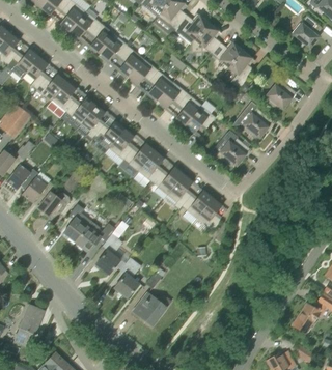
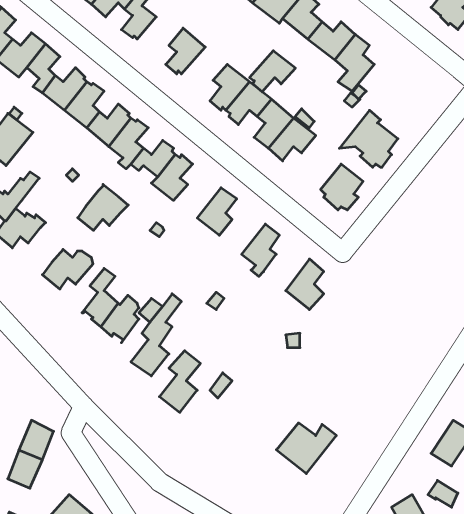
building: [99,35,129,63] -> none
building: [128,59,158,86] -> [250,51,295,92]
building: [266,79,294,110] -> none
building: [122,144,154,172] -> none
building: [153,167,183,195] -> none
building: [22,173,55,203] -> [78,184,128,230]
building: [182,191,212,219] -> none
building: [132,293,171,326] -> [276,423,336,474]

